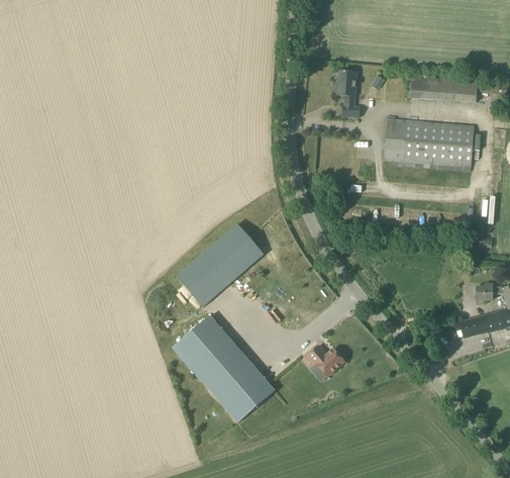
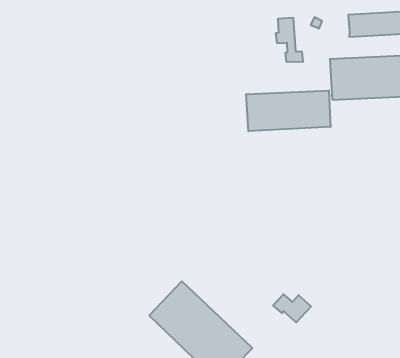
building: none -> [246,90,331,131]
building: [177,222,265,306] -> none

